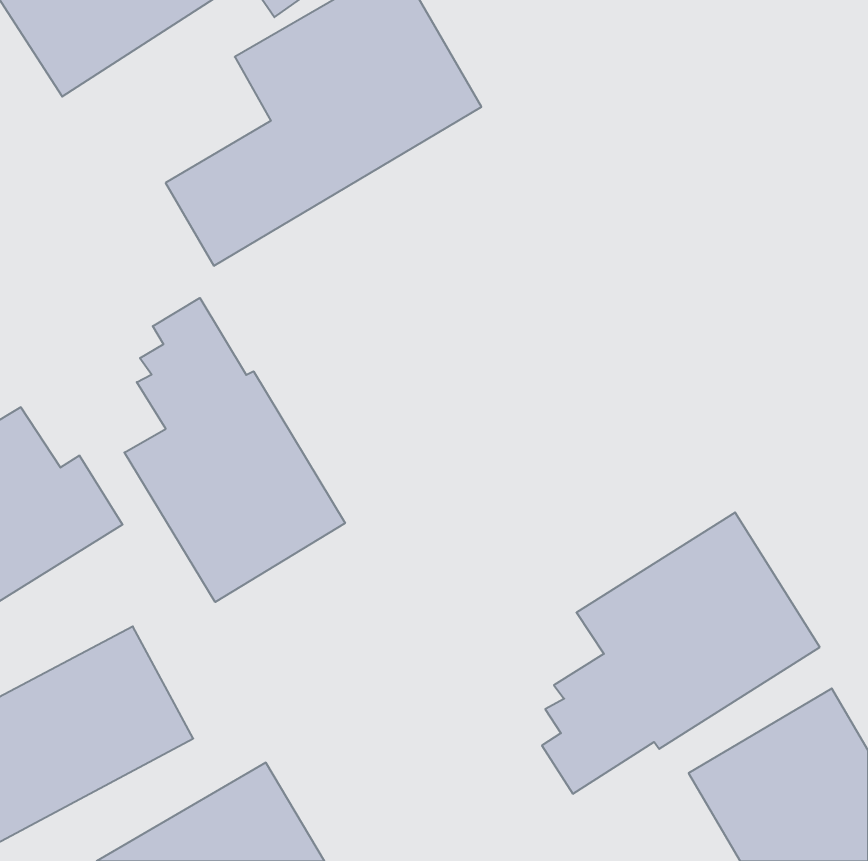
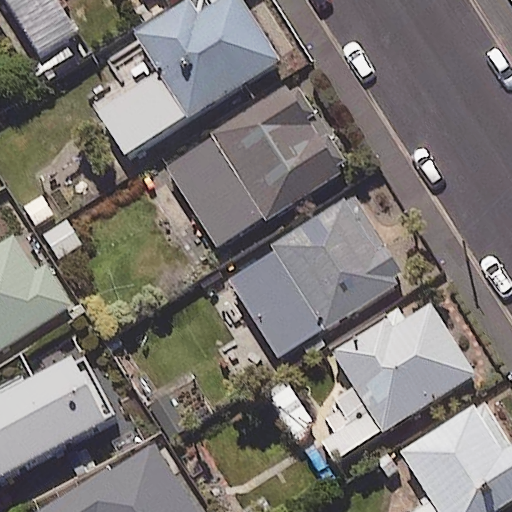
building: none -> [164,81,351,248]
building: [124,298,345,602] -> none
building: none -> [225,196,404,358]

